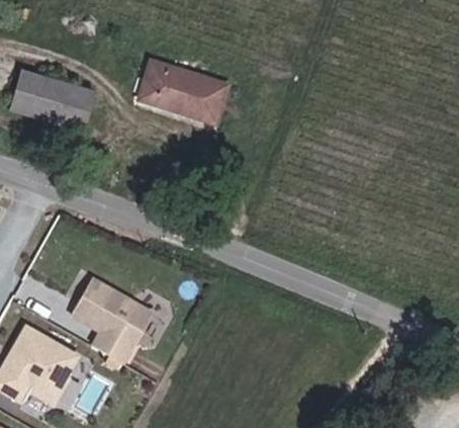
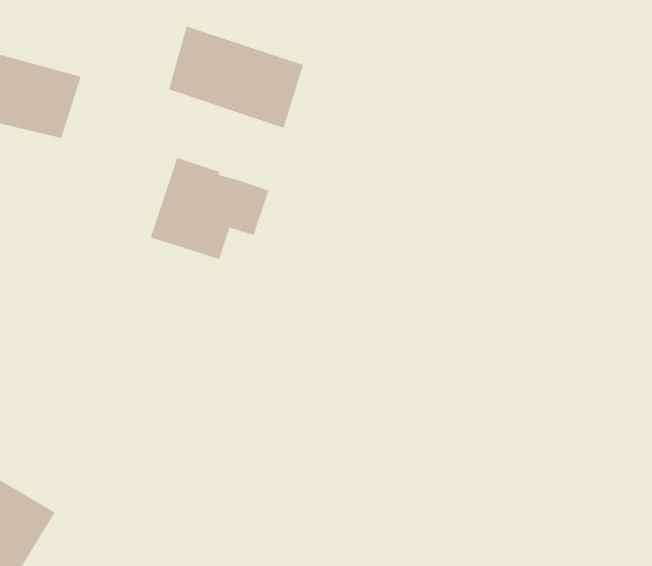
building: none -> [150,157,269,260]
building: [71,280,150,364] -> none

